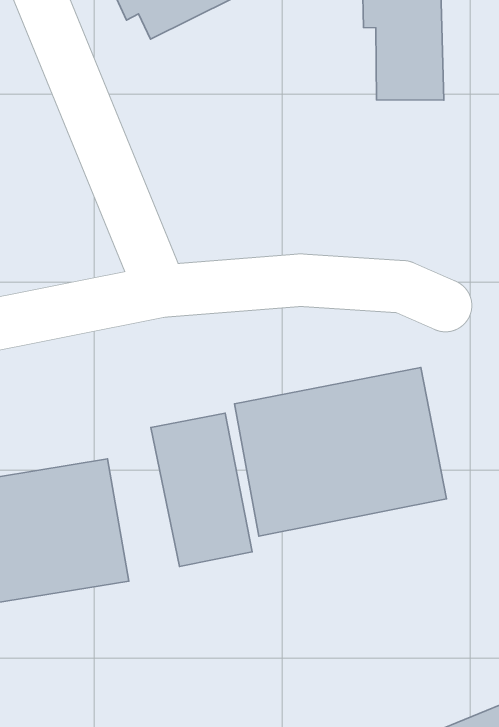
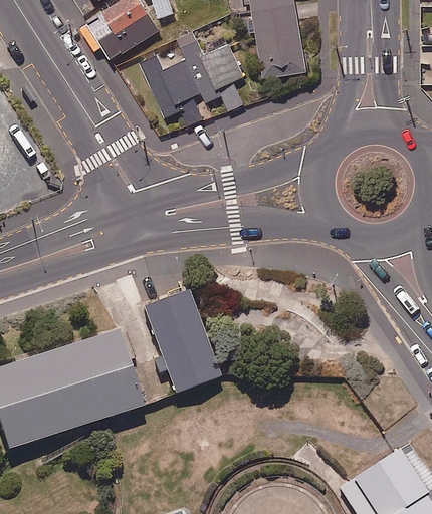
building: none -> [139,29,240,123]
building: [234,368,446,536] -> none

